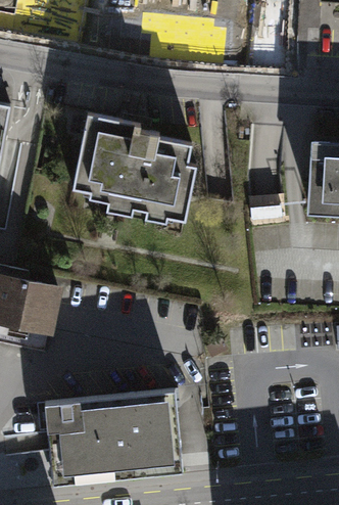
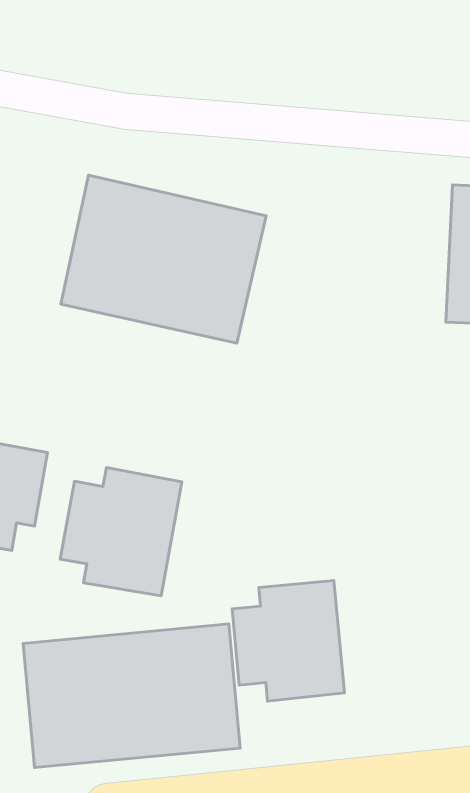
building: none -> [60,468,182,596]
building: none -> [232,581,344,701]

